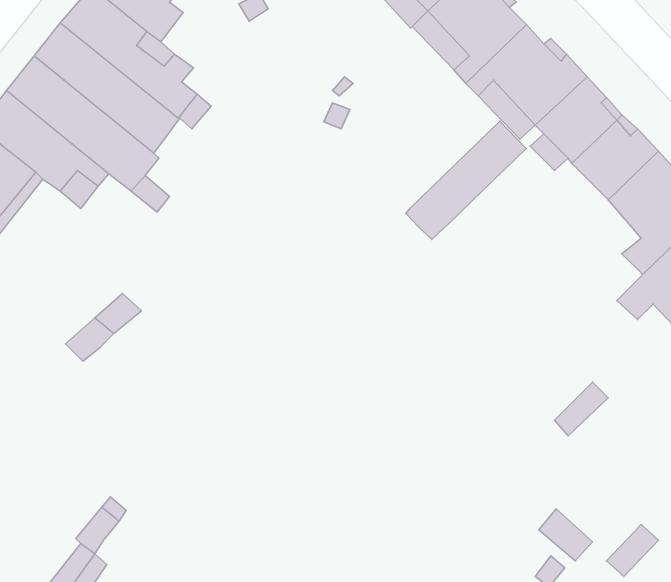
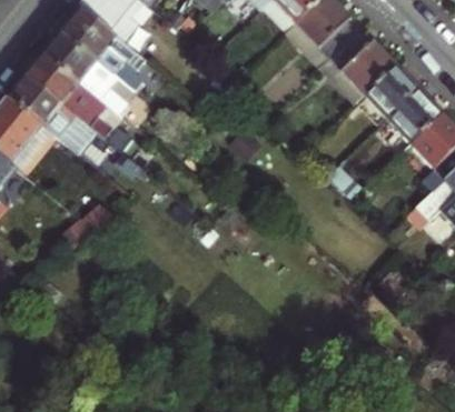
building: [406,121,526,239] -> none

